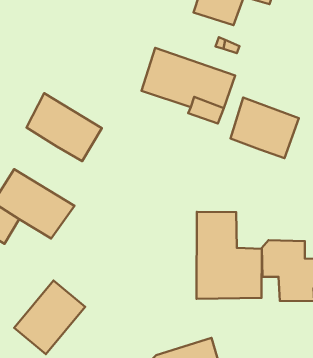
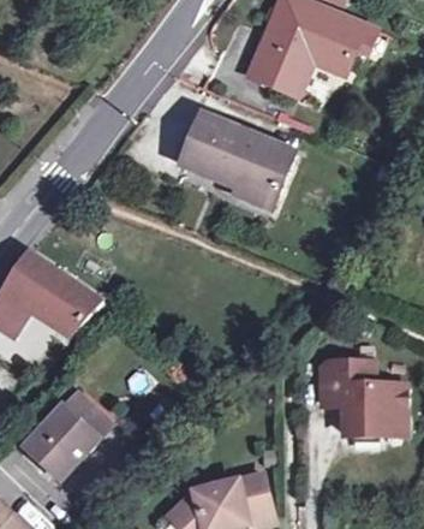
building: [26,93,102,161] -> none
building: [231,97,299,158] -> none
building: [196,212,262,299] -> none

